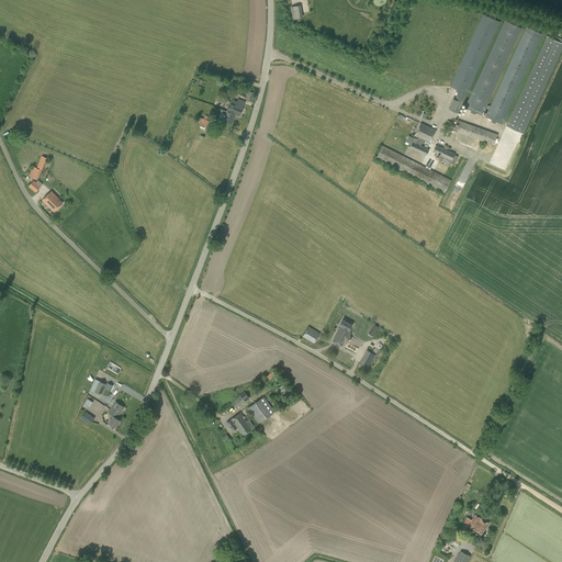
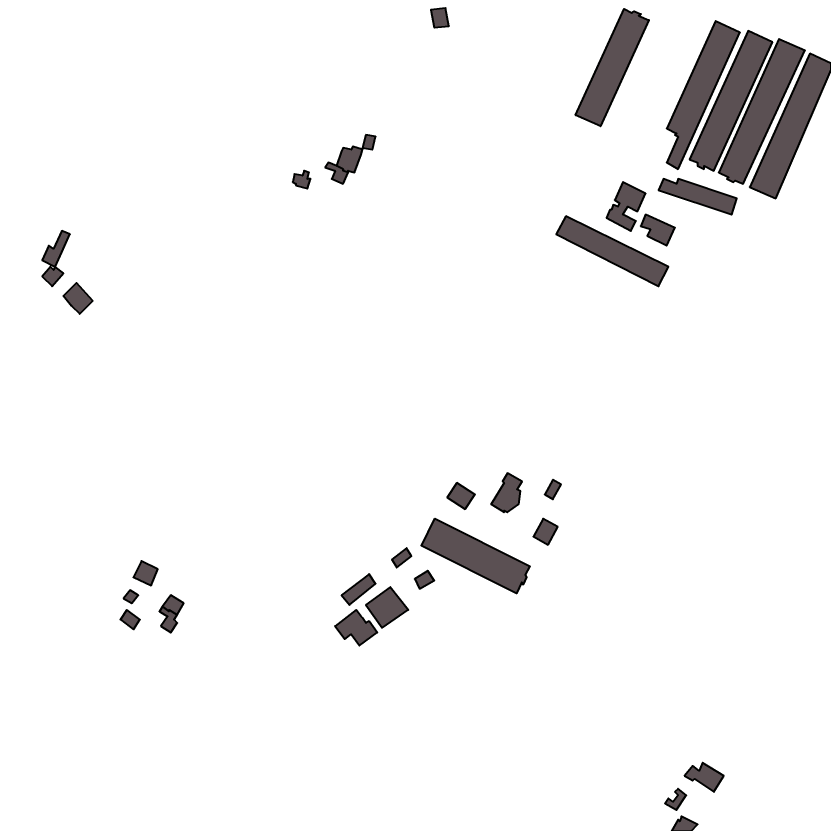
building: none -> [576,9,649,126]
building: none -> [421,519,530,593]

